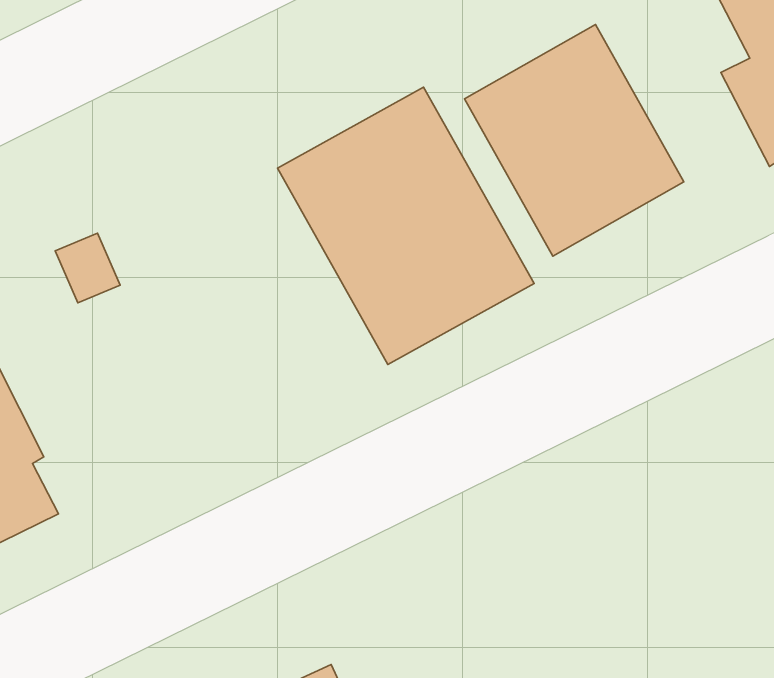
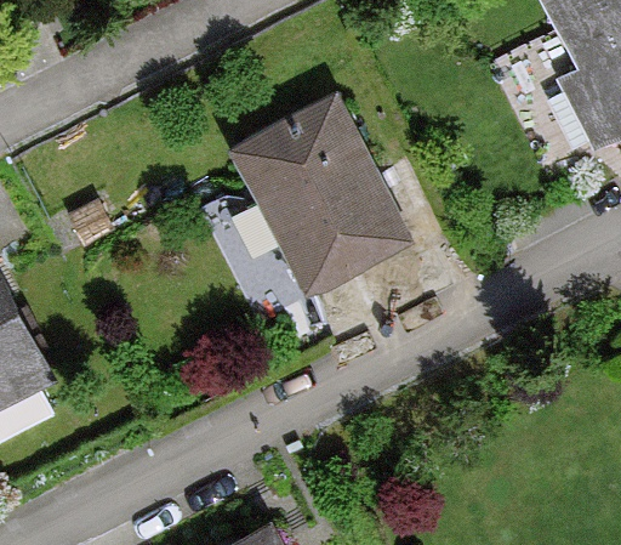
building: [464,24,684,256] -> none

